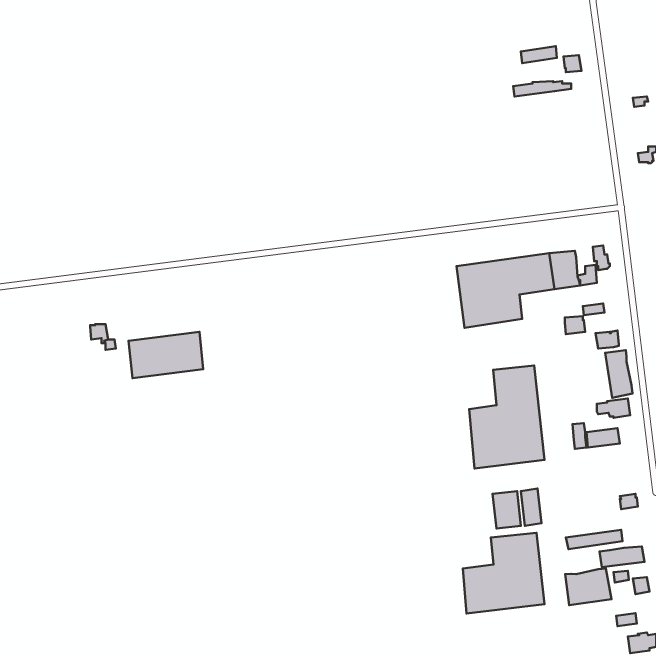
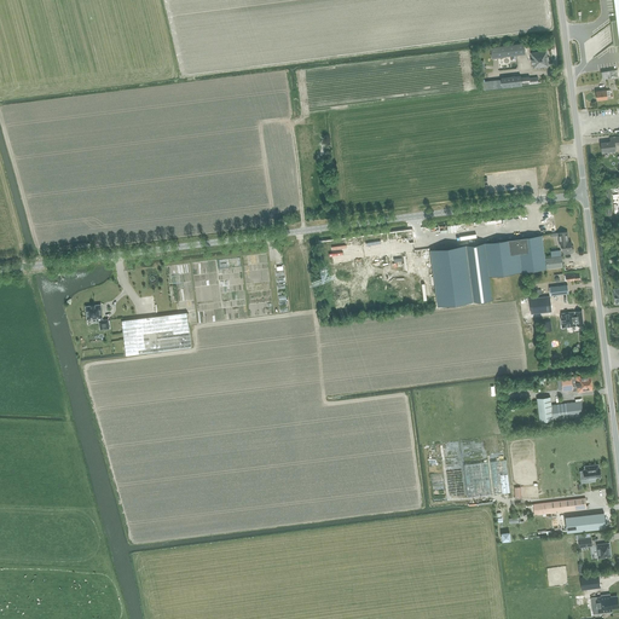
building: [605,350,632,398] -> none
building: [469,365,545,468] -> none
building: [463,533,545,614] -> none
building: [565,569,611,605] -> none

